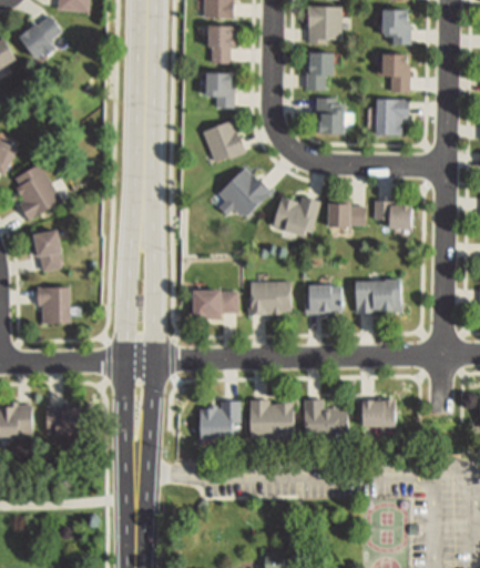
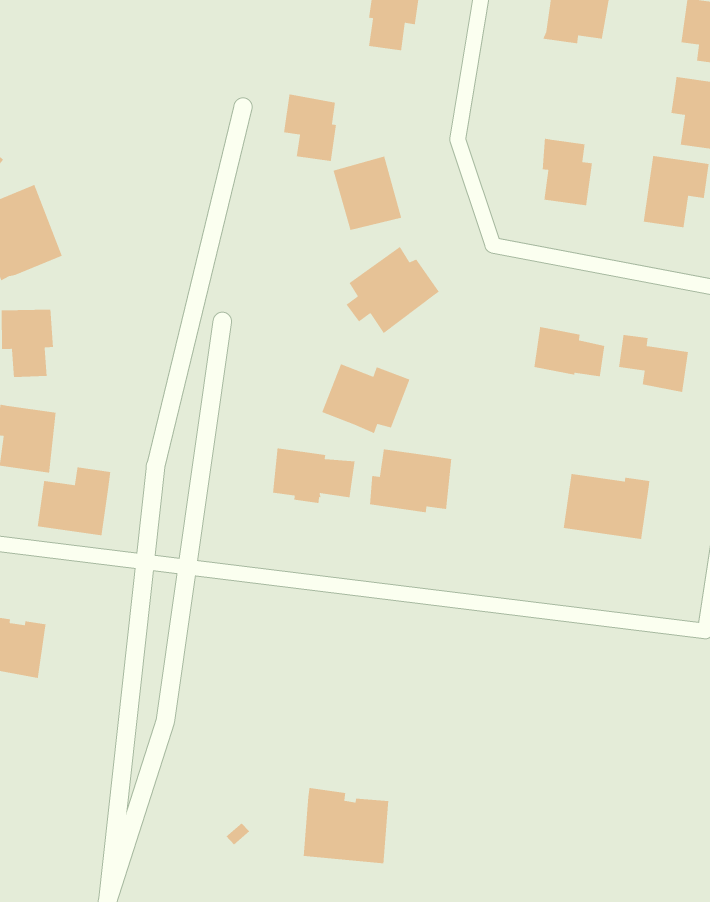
building: [304,52,333,89] -> none
building: [206,72,235,106] -> [283,94,337,162]
building: [273,197,319,235] -> [321,363,411,434]
building: [304,285,341,314] -> none
building: none -> [37,467,111,536]
building: [304,399,346,437] -> none
building: [362,399,395,426] -> none
building: [248,400,296,439] -> [303,787,389,864]
building: [200,402,239,439] -> none

